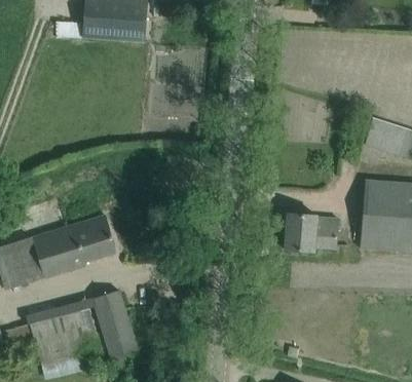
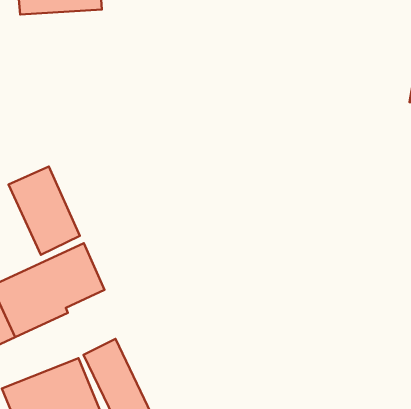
building: none -> [9,166,80,255]
building: [285,214,338,252] -> none

